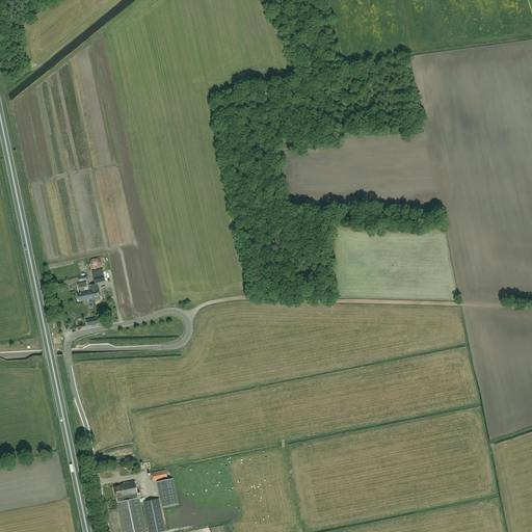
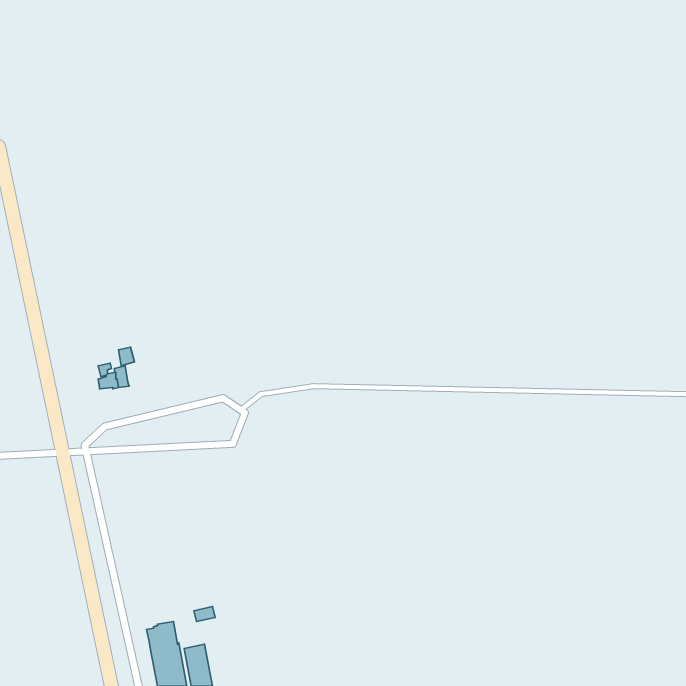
building: [157,478,177,506] -> none

